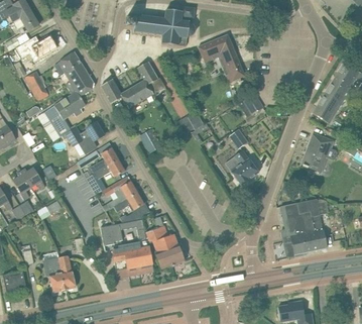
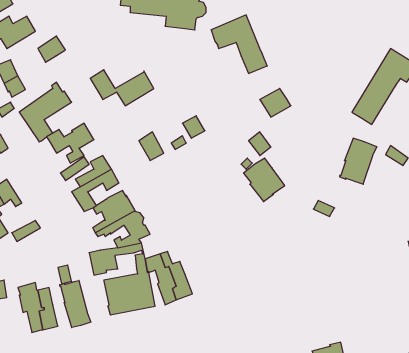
building: [137,61,165,93] -> none
building: [65,62,94,96] -> none
building: [280,197,329,255] -> none
building: none -> [60,280,91,328]

